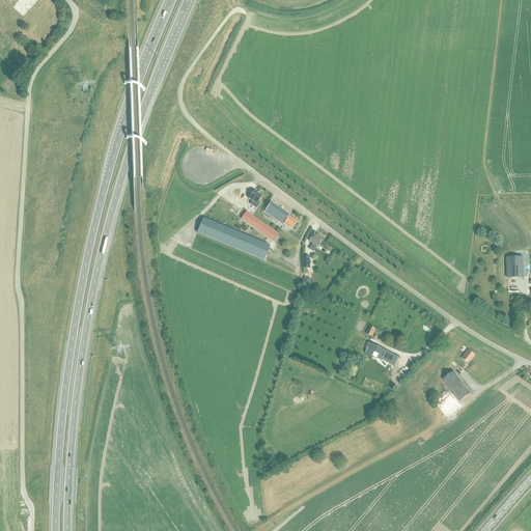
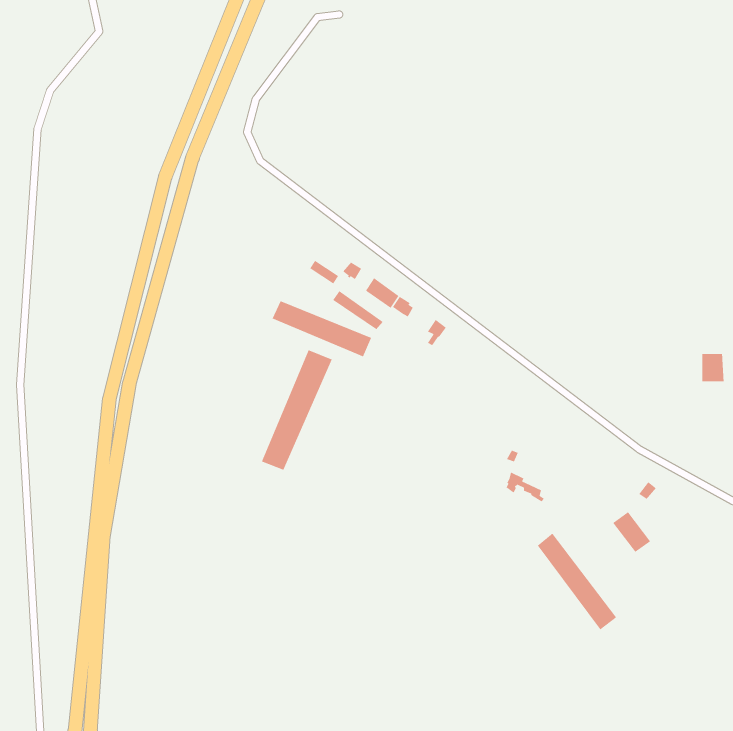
building: none -> [261,349,333,471]
building: none -> [537,533,617,630]

